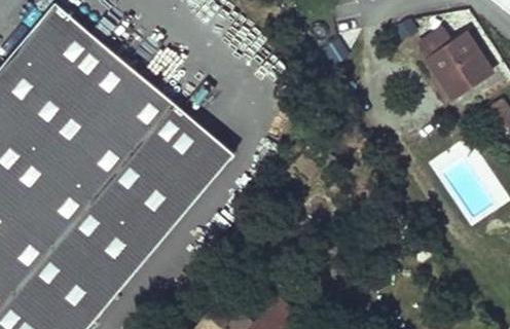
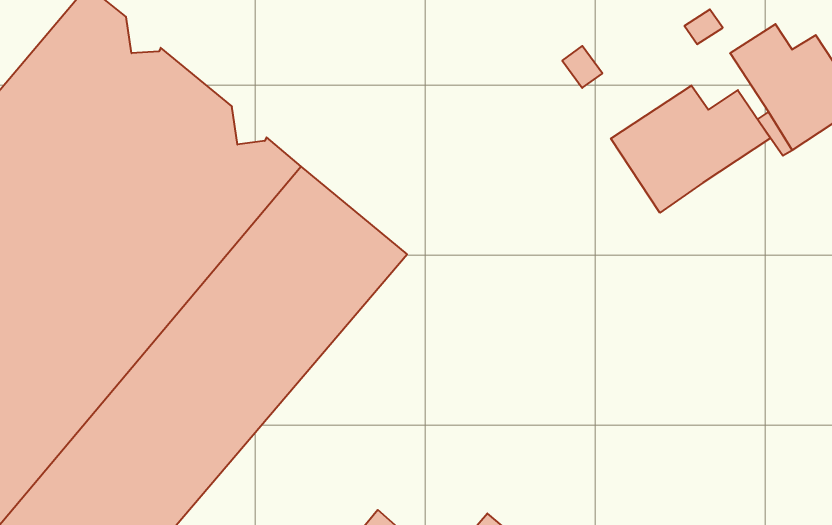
building: none -> [611,85,770,213]

